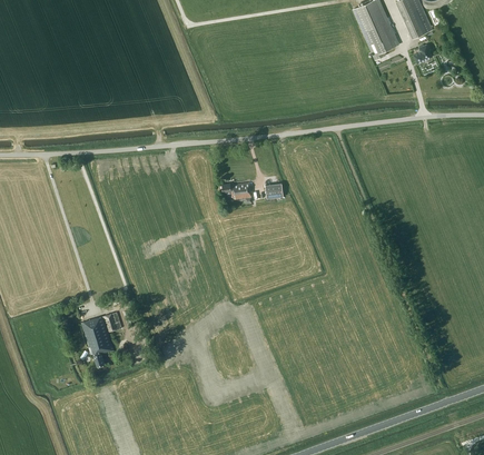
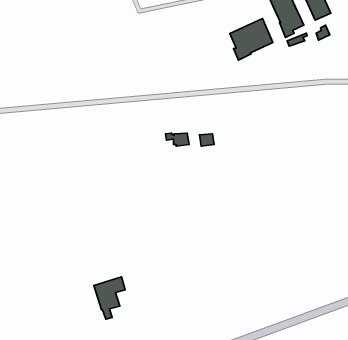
building: none -> [230,19,273,60]
building: [81,311,121,366] -> [94,277,125,319]

